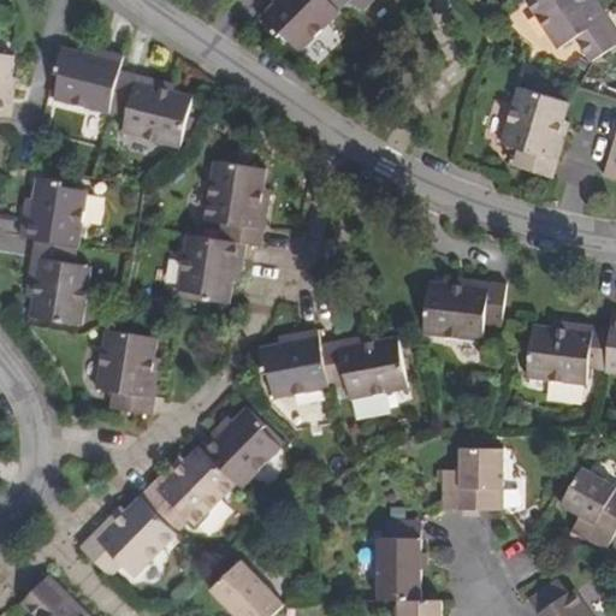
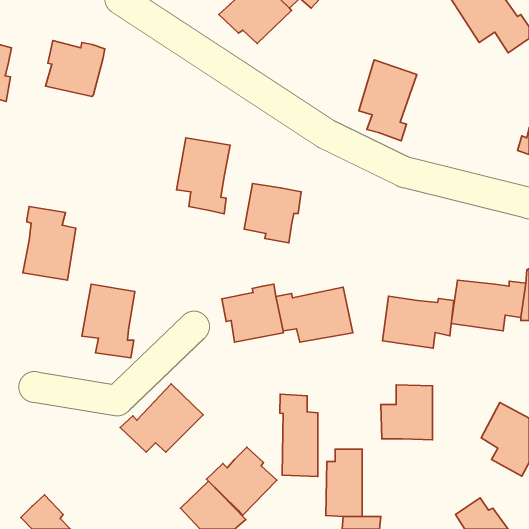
building: [108,69,192,143] -> none
building: [499,85,567,179] -> [359,60,417,141]
building: [19,176,89,247] -> none
building: [177,235,243,303] -> [244,184,301,243]
building: [422,280,505,340] -> [382,296,454,348]
building: [199,408,280,487] -> [206,447,277,516]
building: none -> [280,394,318,477]
building: [82,496,176,574] -> none

